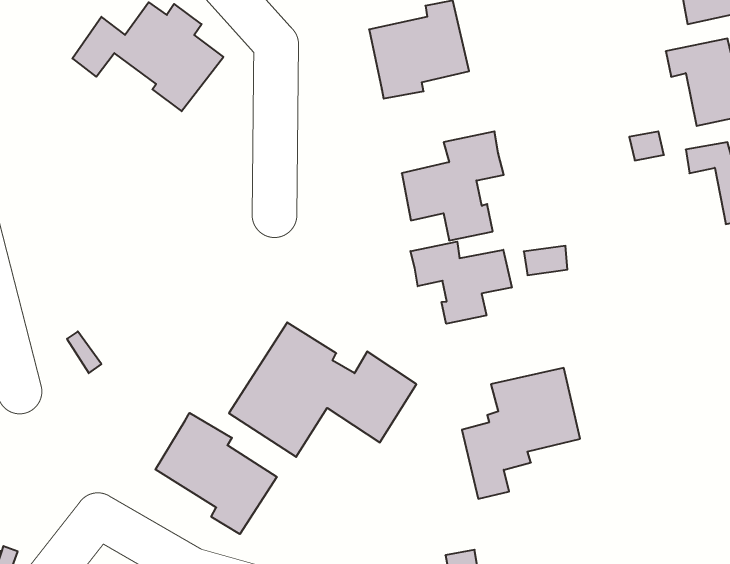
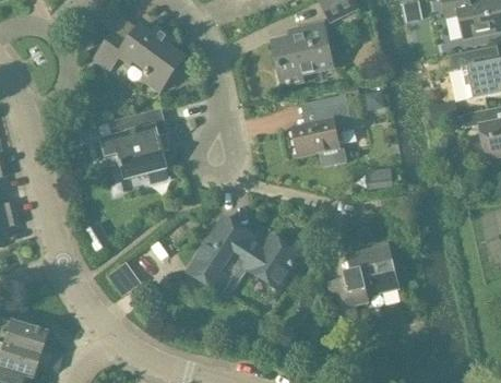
building: none -> [99,107,169,182]
building: [410,242,512,324] -> none
building: [155,413,277,534] -> none

